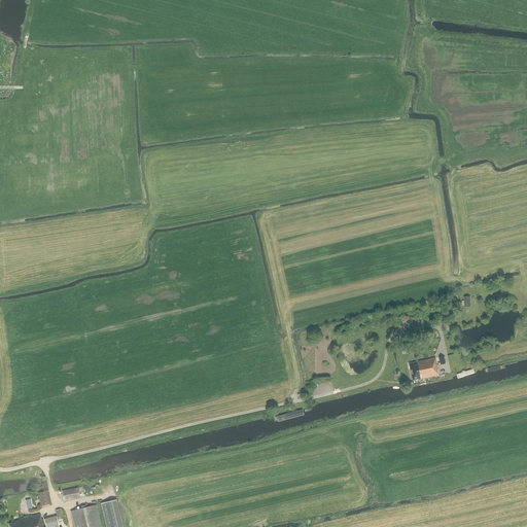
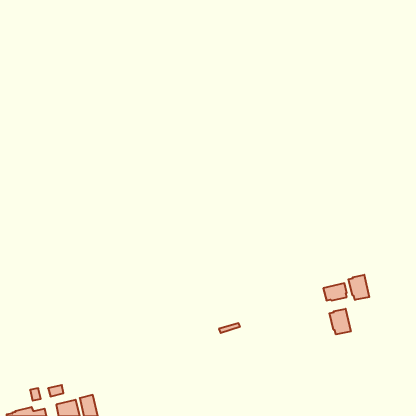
building: none -> [348,275,369,300]
building: none -> [329,309,351,334]

